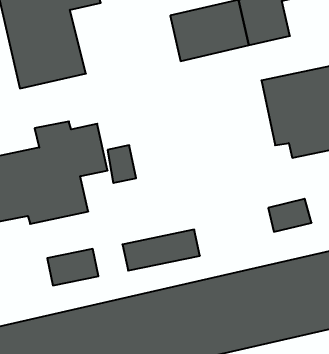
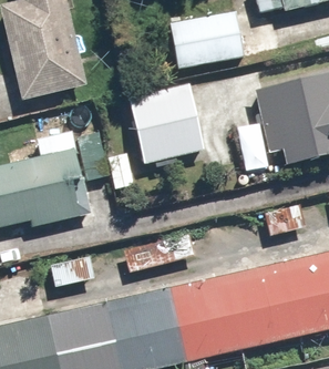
building: none -> [134,72,209,158]

